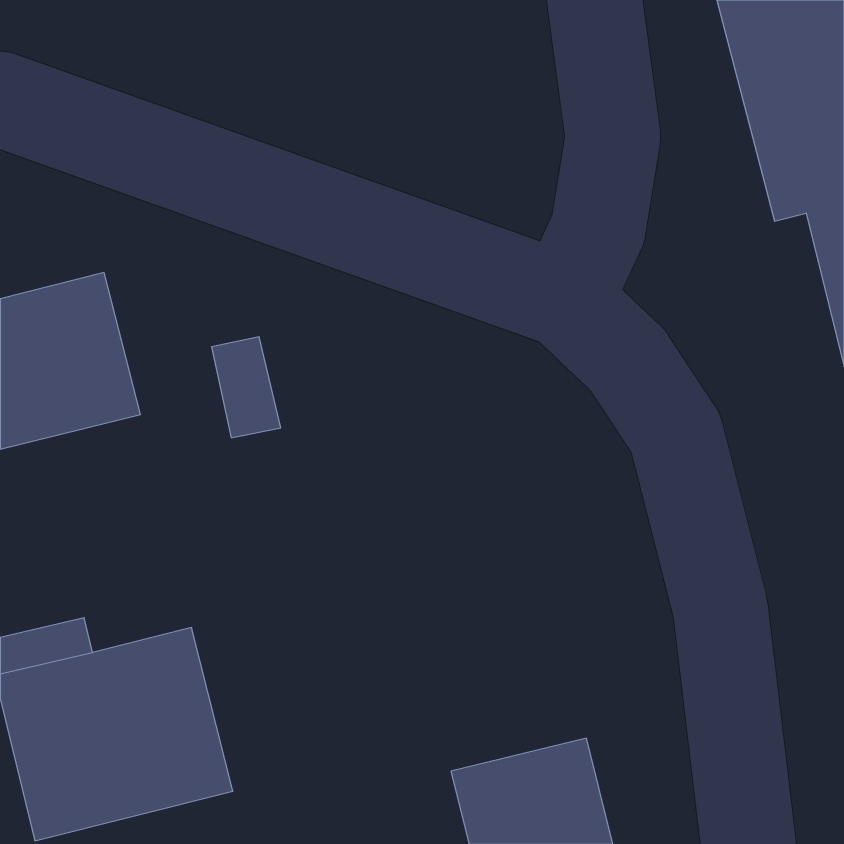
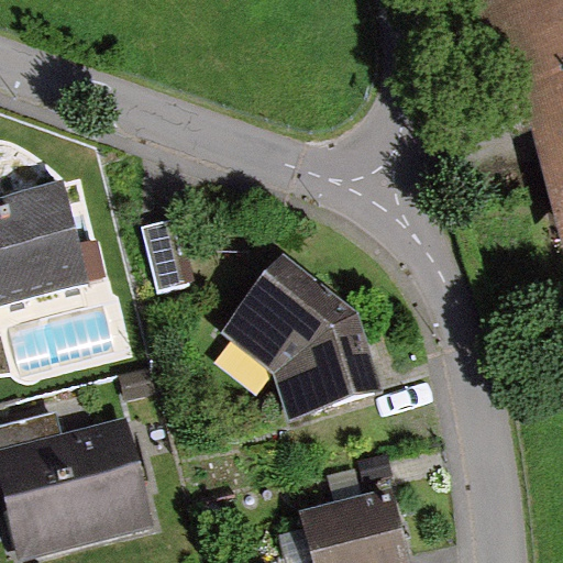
building: none -> [227,256,379,418]

